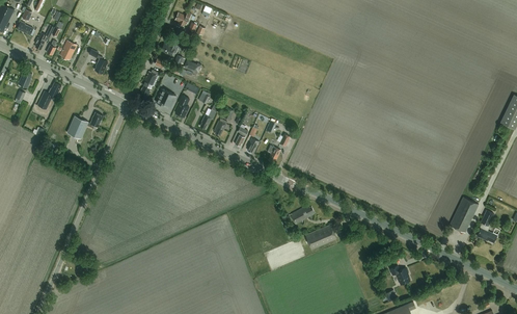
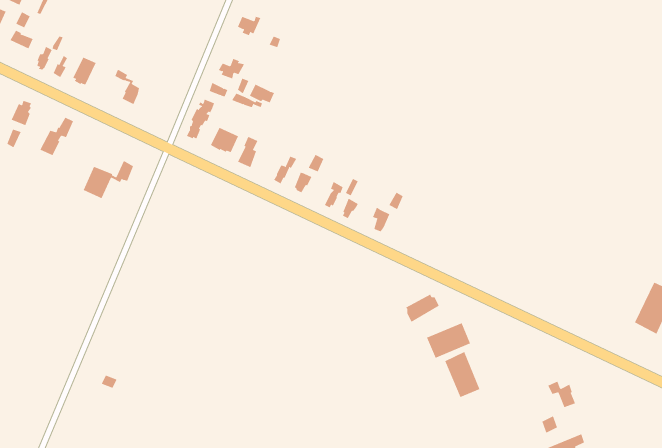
building: none -> [444,351,480,398]

